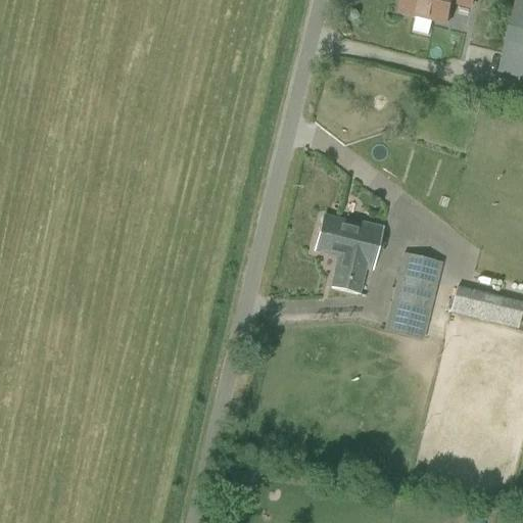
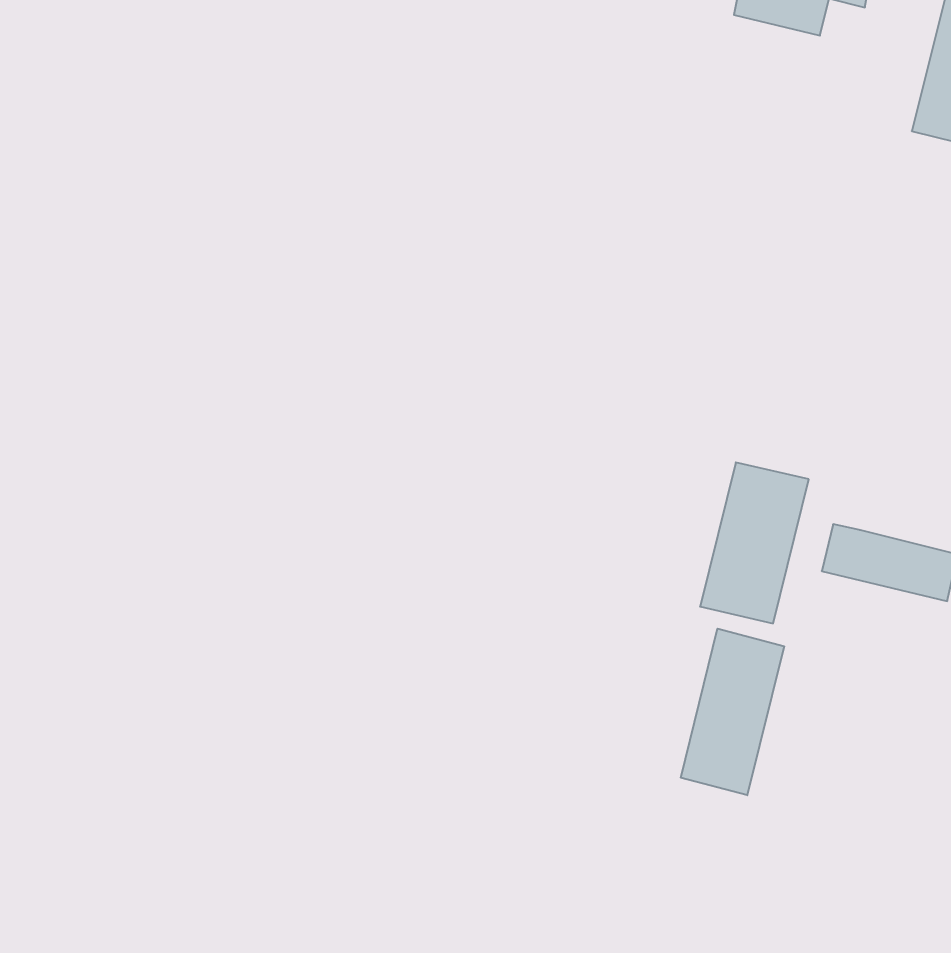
building: [317,217,385,294] -> none
building: none -> [681,629,784,795]

